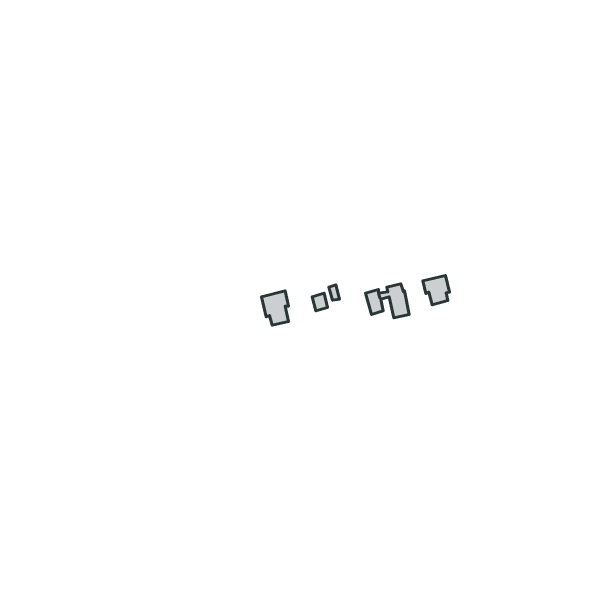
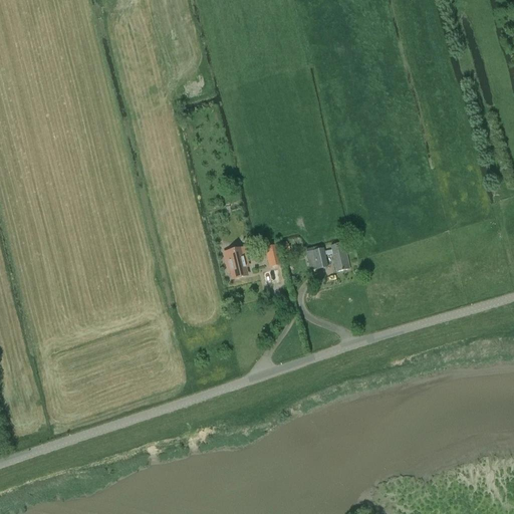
building: [423,275,450,305] -> none

